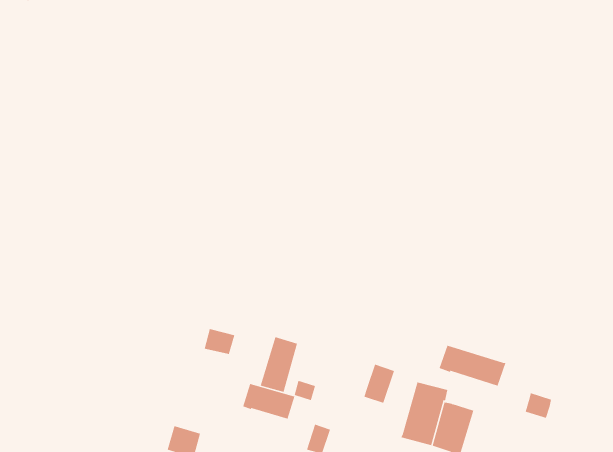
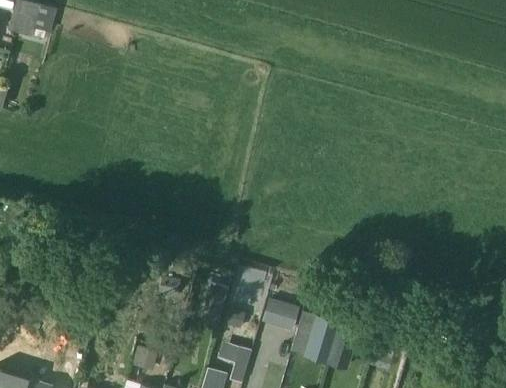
building: [439,345,506,386] -> none
building: [243,383,295,419] -> none

